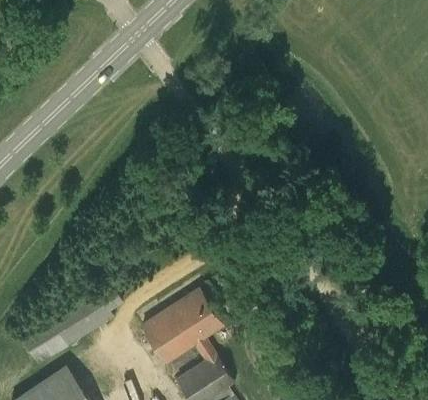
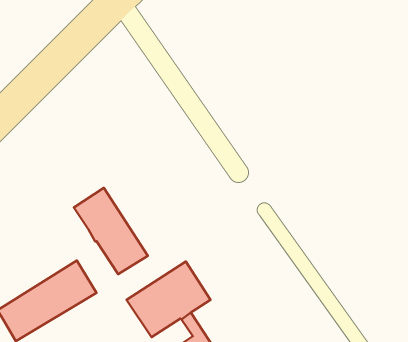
building: none -> [74,188,148,274]

